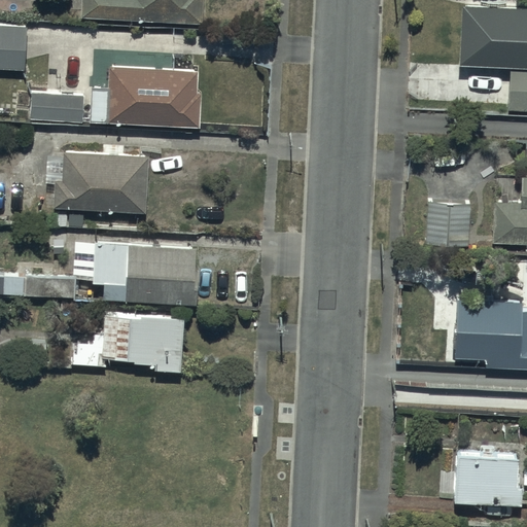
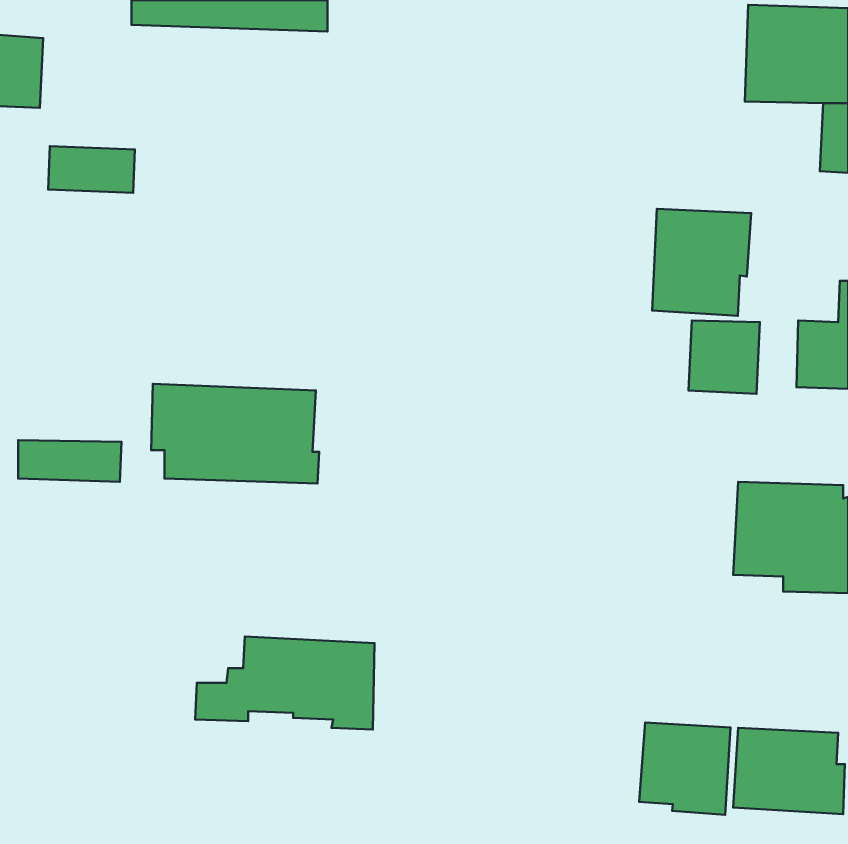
building: [90,67,202,127] -> none
building: none -> [652,209,751,316]
building: [54,152,147,212] -> none
building: [72,314,183,372] -> [195,636,375,730]
building: none -> [639,722,731,815]

